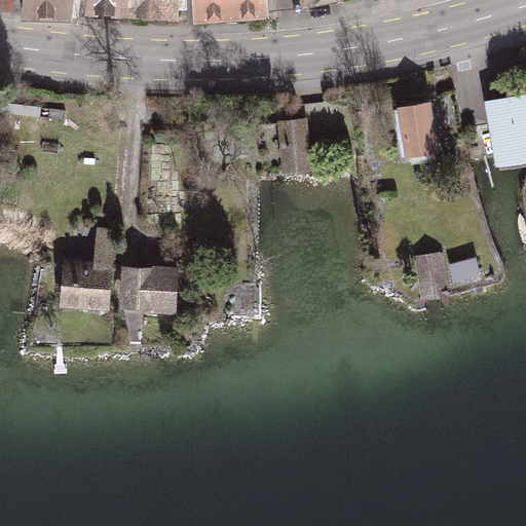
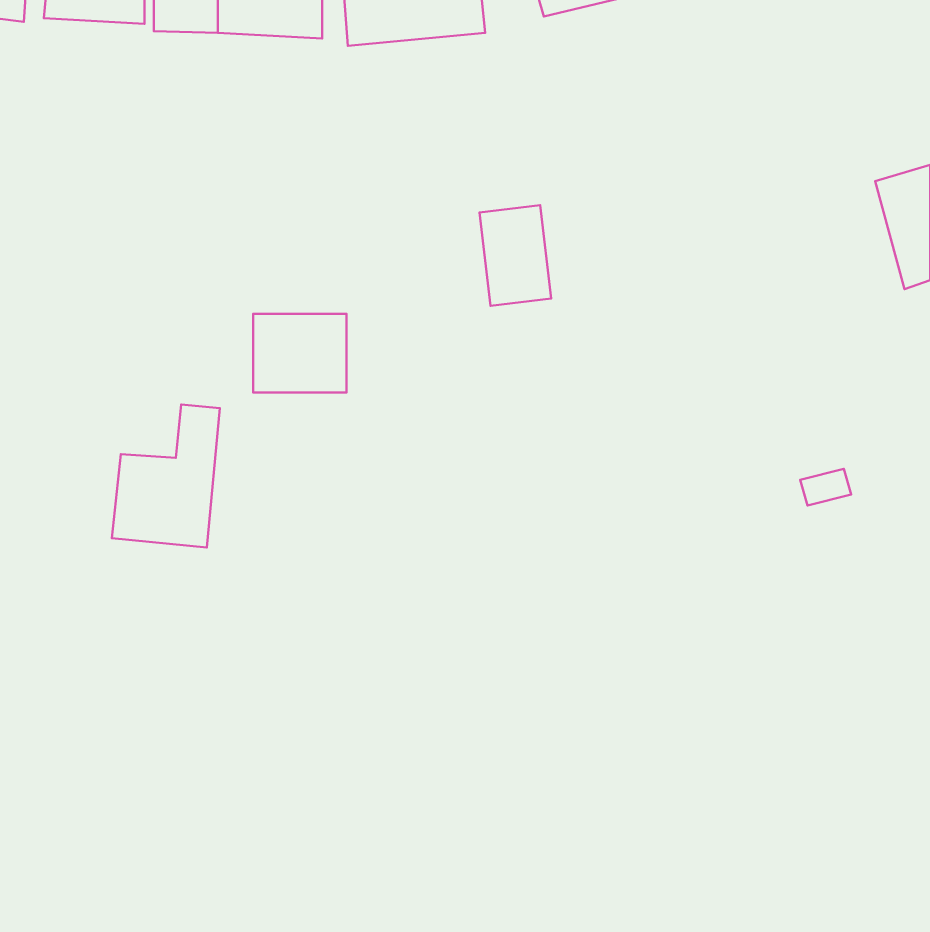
building: [386,99,431,154] -> none
building: [416,252,446,303] -> none
building: [129,263,182,307] -> [253,314,347,393]

